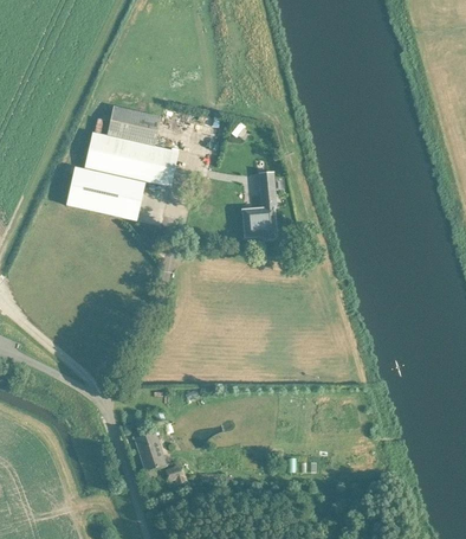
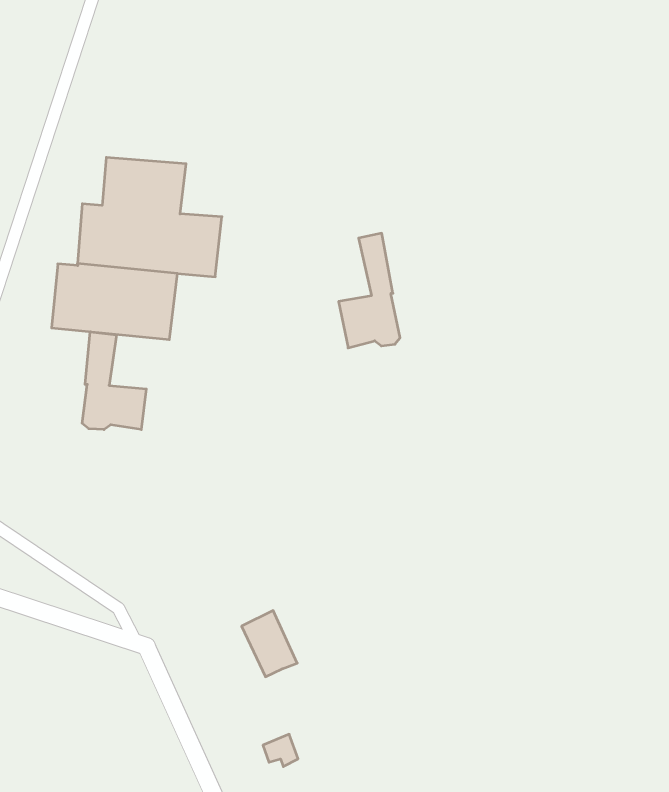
building: none -> [82,332,146,430]
building: [132,430,163,469] -> [242,611,297,677]

